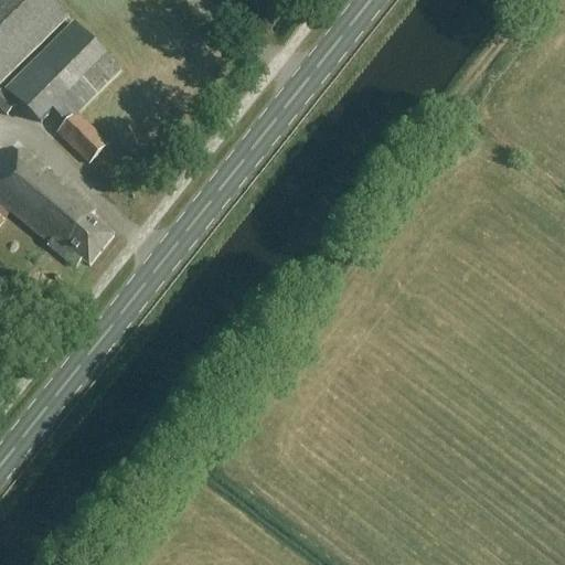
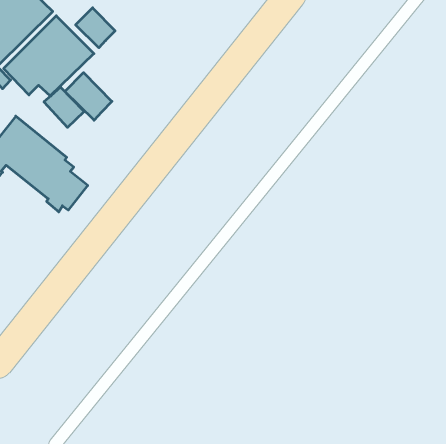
building: none -> [76,8,115,48]
building: none -> [65,73,112,120]

